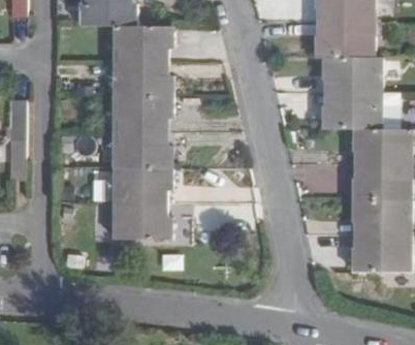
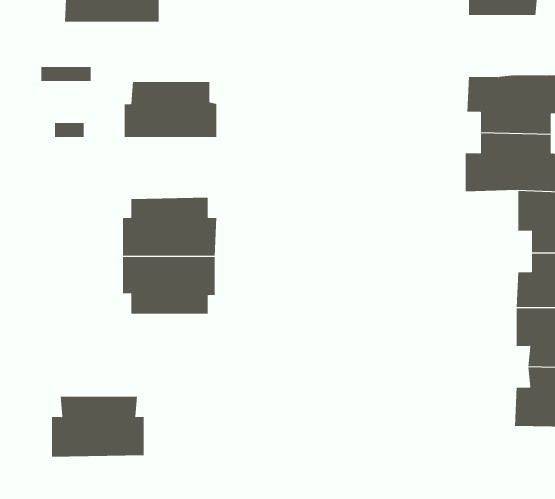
building: [316,22,373,59] -> none
building: [115,26,172,62] -> none
building: [115,96,171,133] -> none
building: [114,203,170,241] -> [51,396,145,457]

